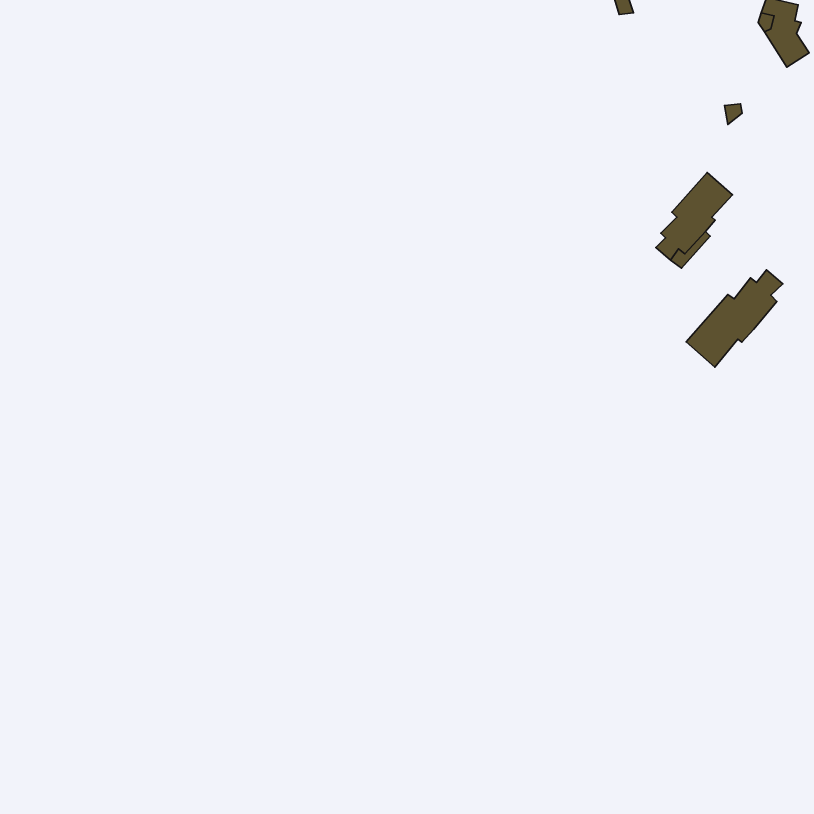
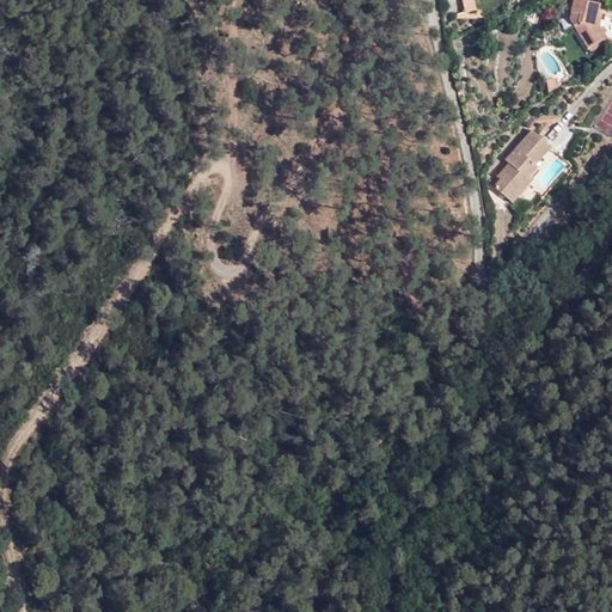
building: [686,270,783,367] -> none

